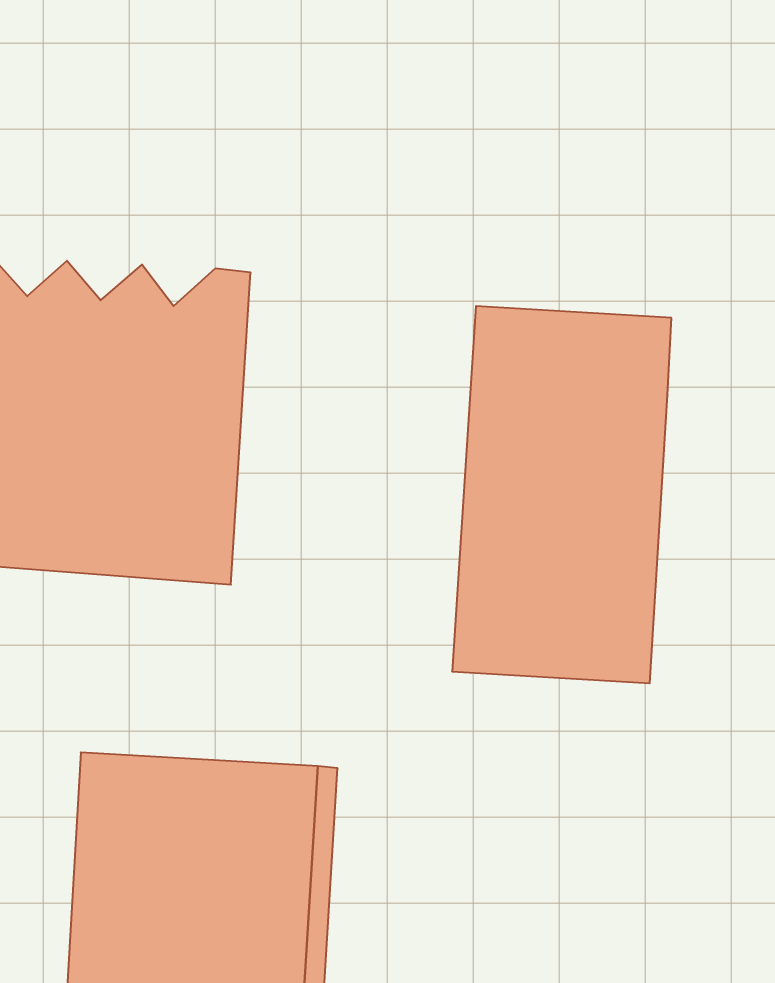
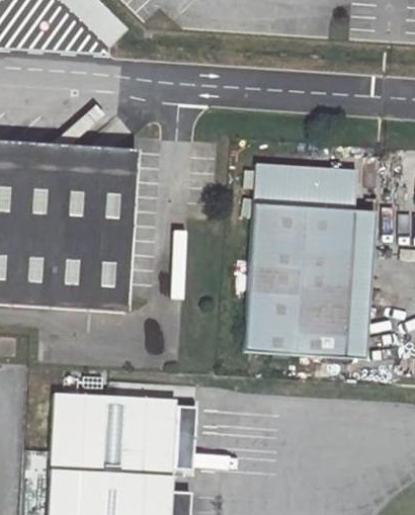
building: none -> [343,210,375,359]

